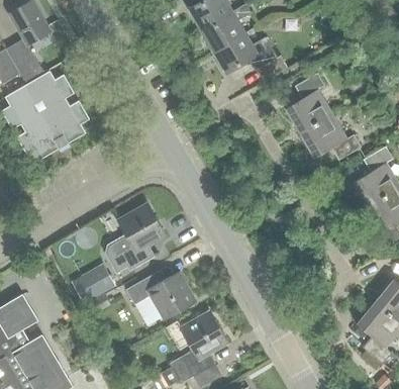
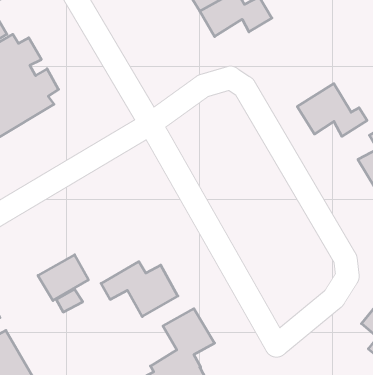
building: [285,72,331,133] -> none
building: [104,203,164,274] -> none

